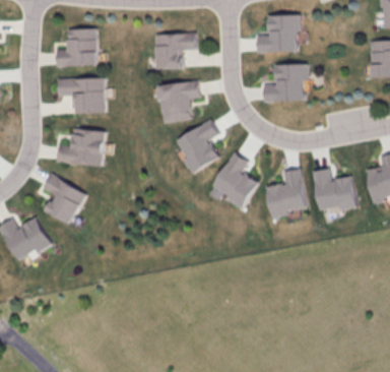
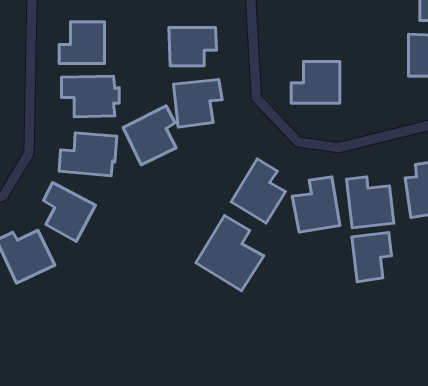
building: [258,14,302,52] -> none
building: [174,121,221,174] -> [123,106,176,165]
building: none -> [196,215,264,291]
building: none -> [352,233,392,282]

